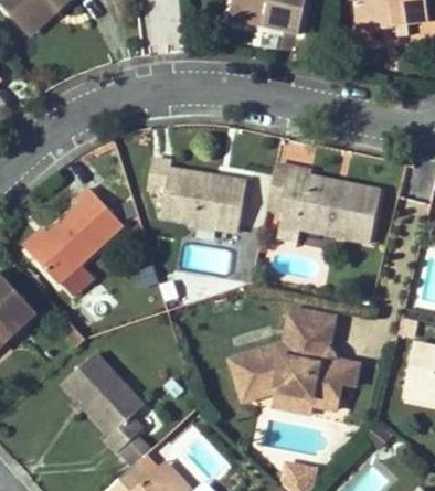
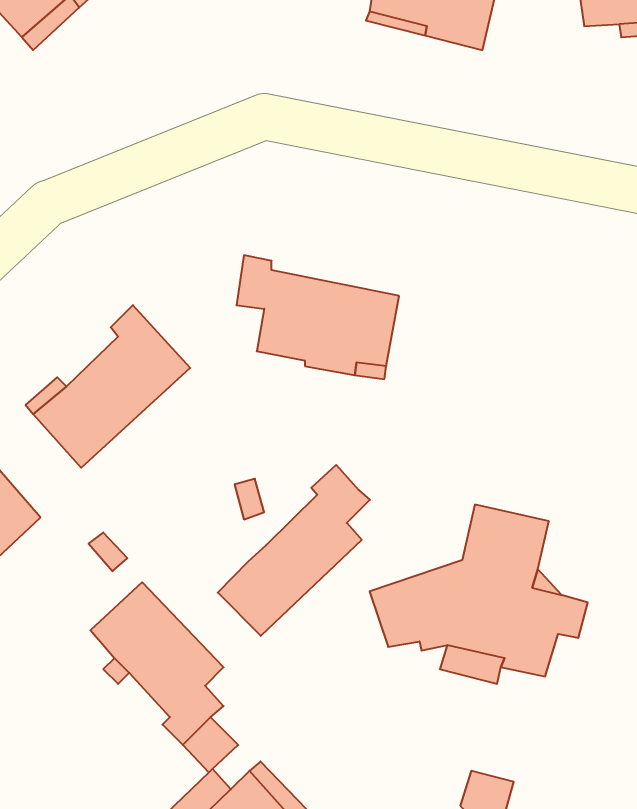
building: [269,163,381,239] -> none
building: none -> [218,465,370,636]

